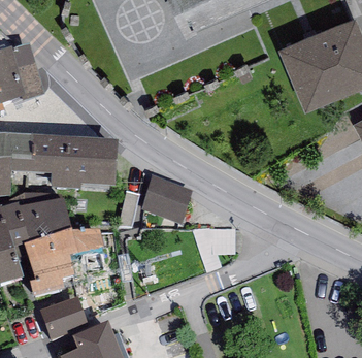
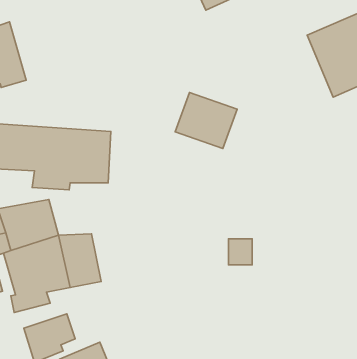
building: [136,175,190,224] -> [175,93,237,149]

